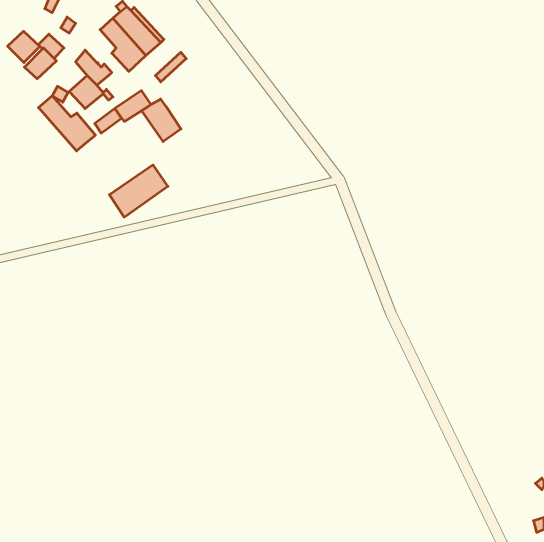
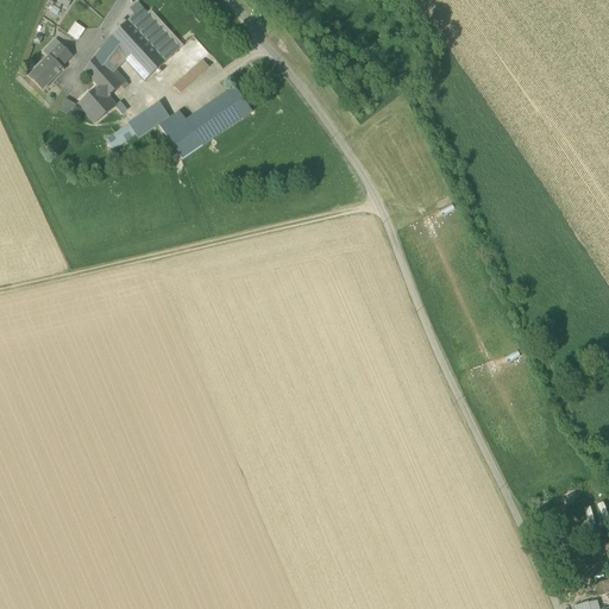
building: none -> [95,33,130,75]
building: [8,31,40,63] -> none
building: [38,96,95,151] -> none
building: [109,165,168,217] -> [186,86,251,144]

